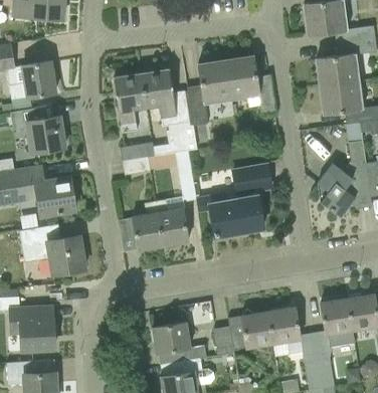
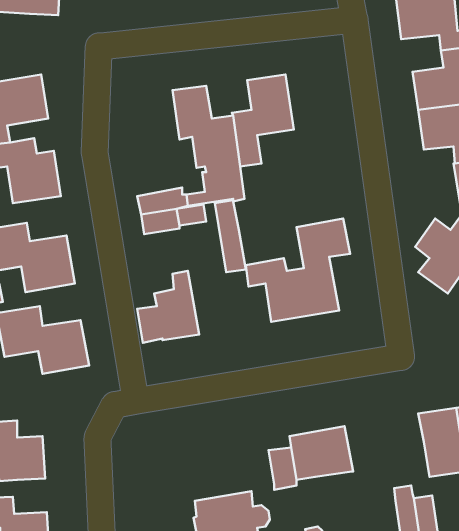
building: [225,56,276,116] -> none
building: [114,72,150,133] -> none
building: [156,200,188,246] -> none
building: [267,308,303,355] -> none
building: [152,322,206,365] -> none

